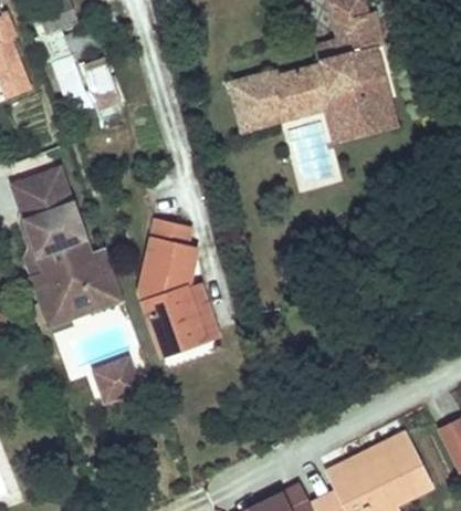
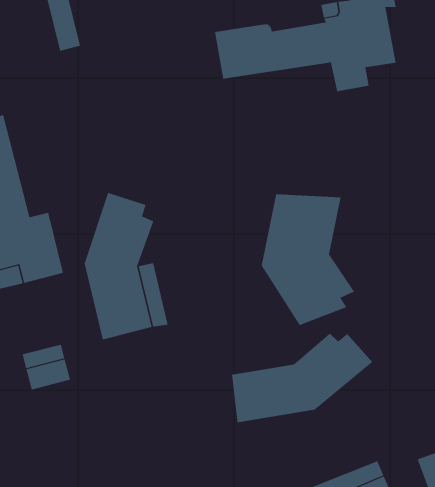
building: [242,91,398,139] -> none
building: none -> [261,194,355,326]
building: none -> [232,333,373,423]

